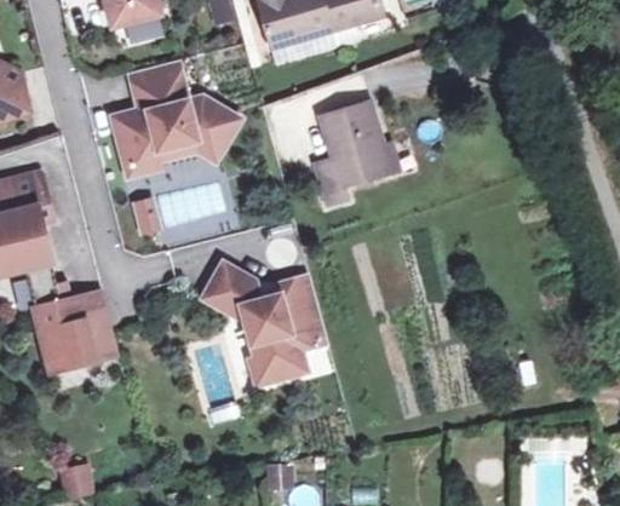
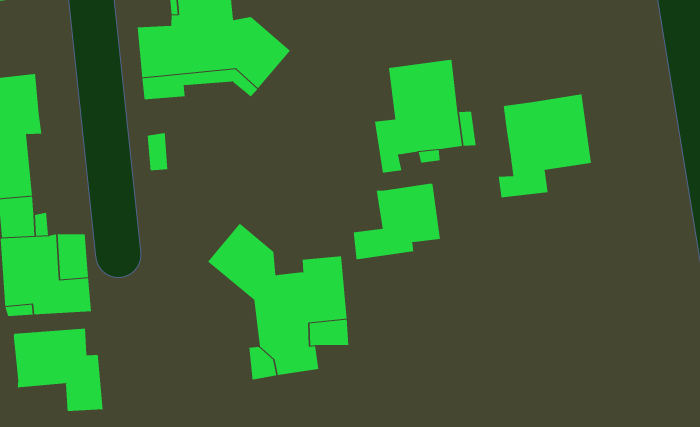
building: none -> [498,94,591,198]
building: none -> [353,183,440,260]
building: none -> [13,328,103,412]

